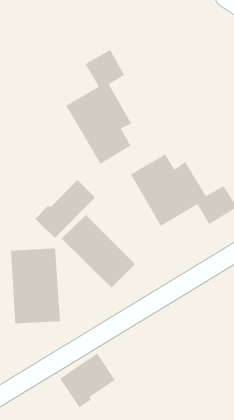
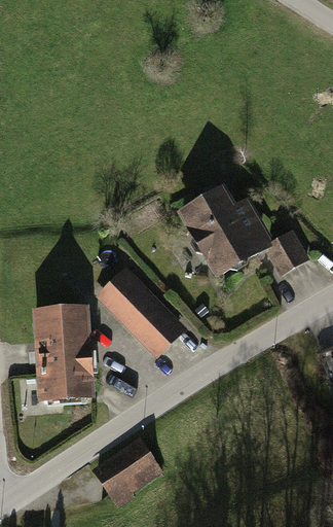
building: [65,49,132,165] -> none
building: [34,179,96,239] -> none

